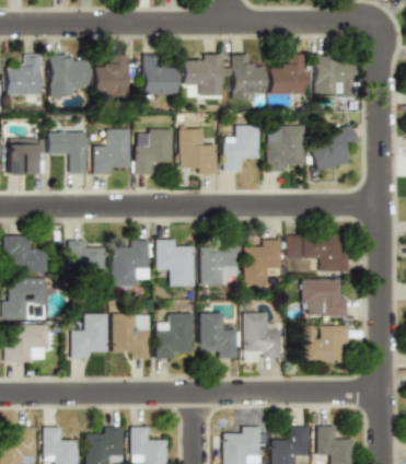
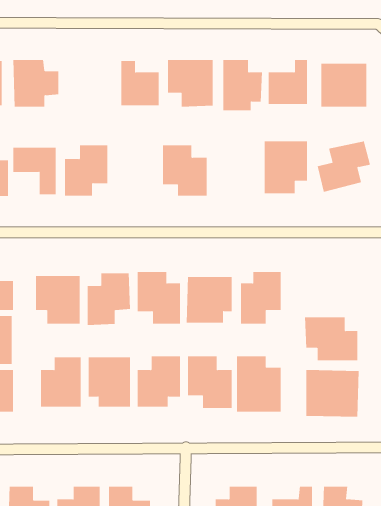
building: [92,55,128,95] -> none
building: [223,126,259,172] -> none
building: [134,129,172,174] -> none
building: [288,234,348,271] -> none

